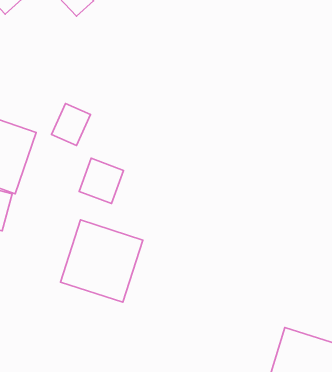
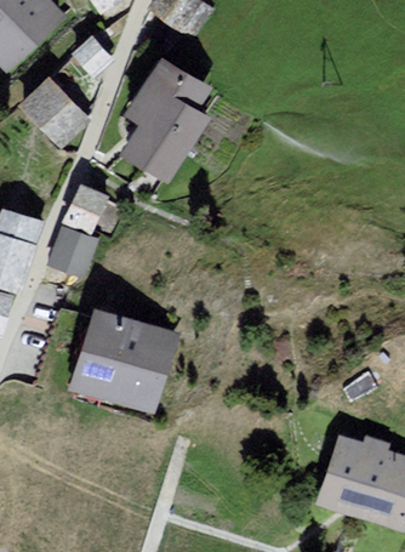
building: none -> [132,63,210,176]
building: none -> [29,87,86,146]
building: [79,158,123,204] -> [49,216,102,271]

